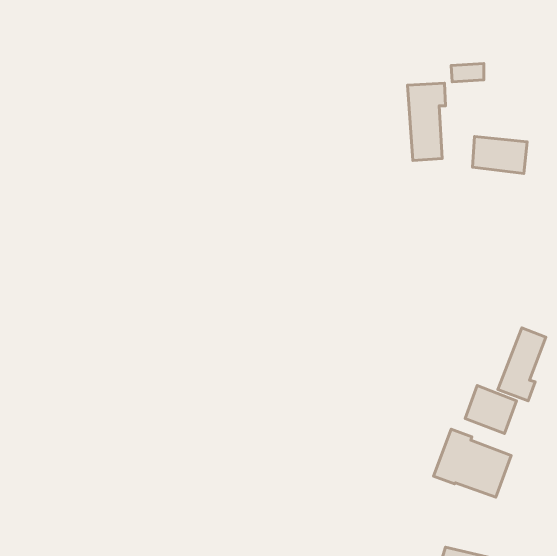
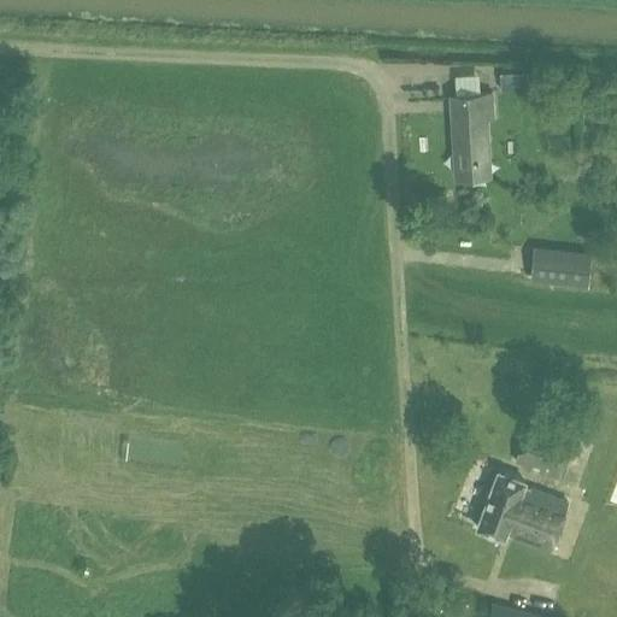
building: [472,136,527,174] -> [529,248,589,289]
building: [498,328,546,401] -> none

